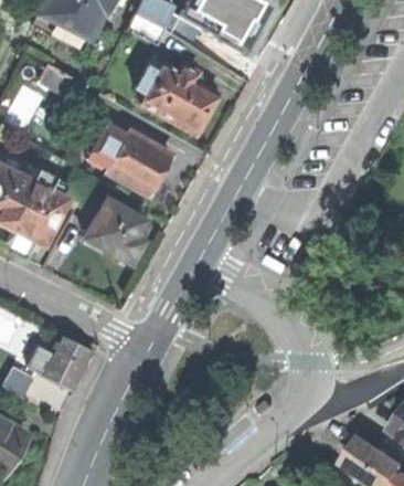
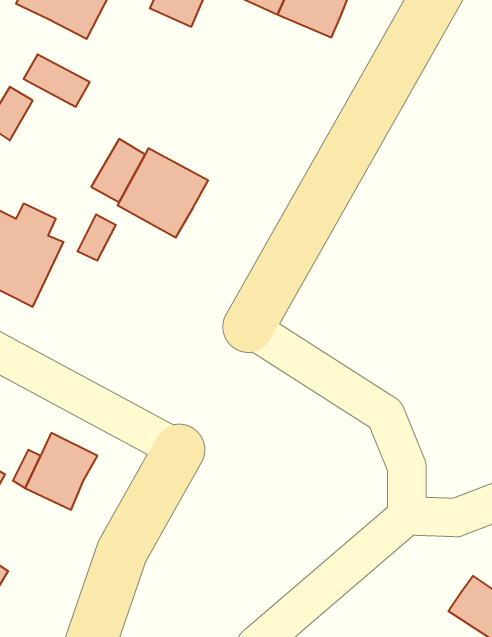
building: [136,64,217,134] -> none
building: [85,200,150,262] -> none

